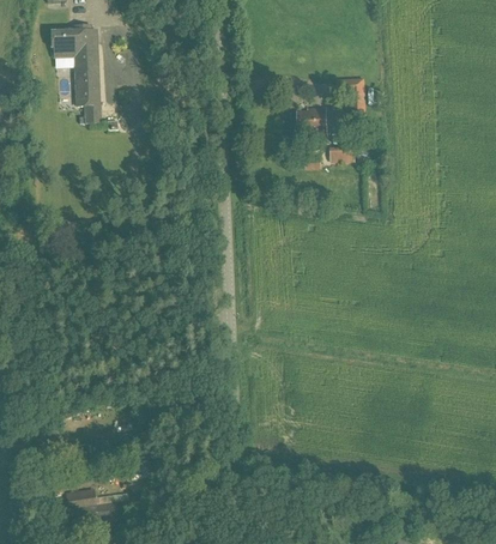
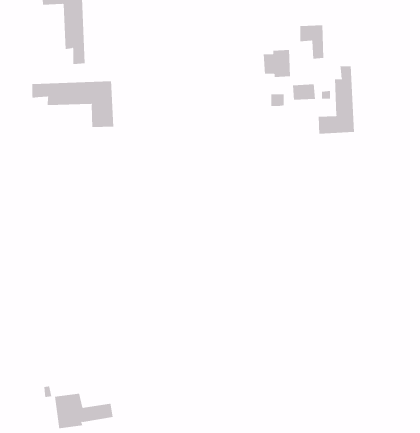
building: none -> [318,65,355,135]
building: none -> [32,80,114,128]

